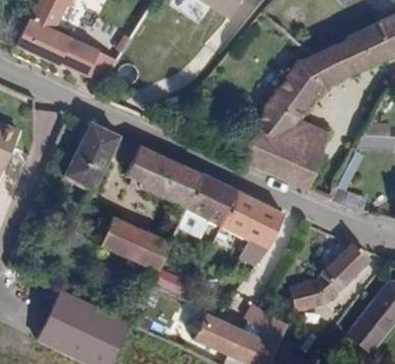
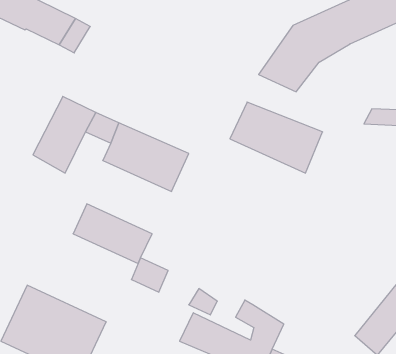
building: [255,103,328,154] -> none
building: [188,173,287,266] -> none
building: [292,243,371,312] -> none

